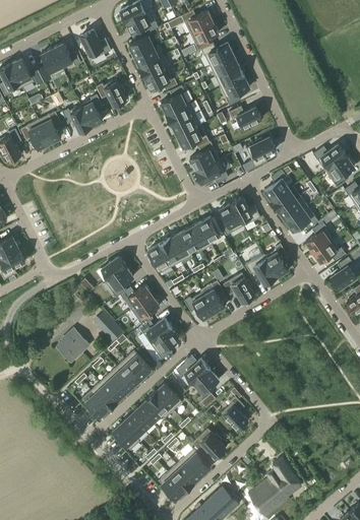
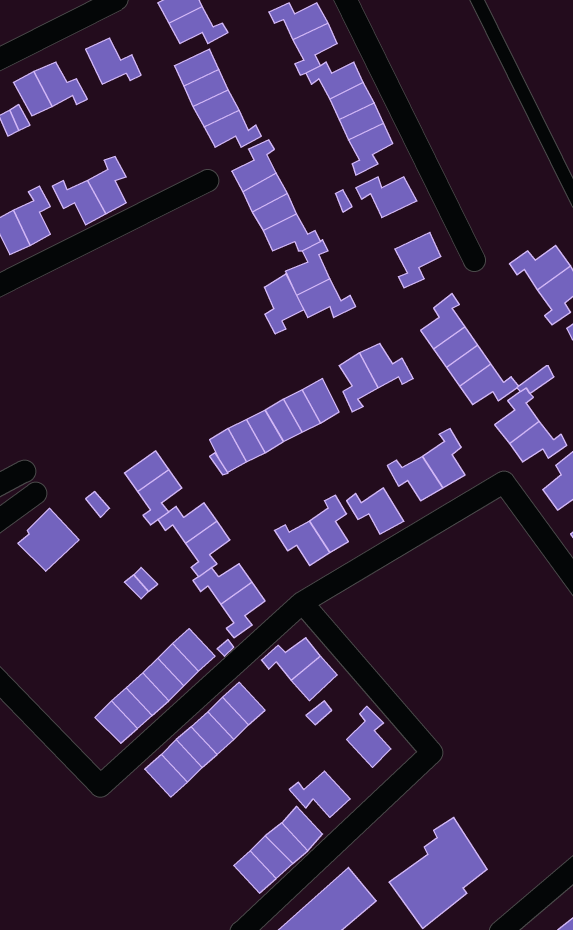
building: [96,81,126,107] -> none
building: none -> [264,274,304,334]
building: [55,327,88,362] -> [18,508,79,571]

